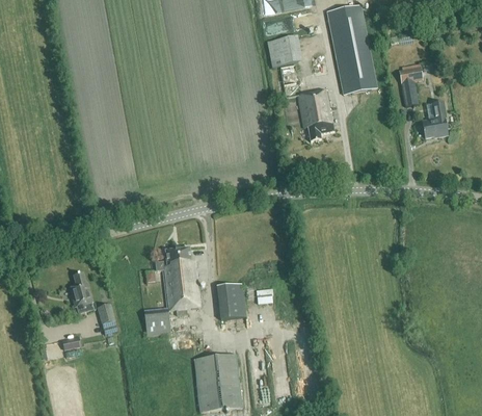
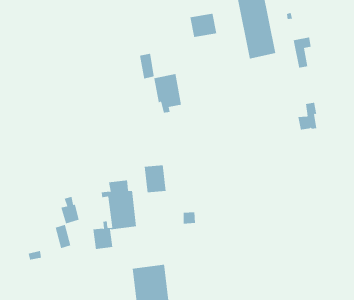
building: [280,63,334,139] -> [139,53,182,113]
building: [422,101,447,136] -> [298,102,317,130]
building: [69,271,92,307] -> [61,196,80,224]
building: [216,283,245,318] -> [144,165,167,193]

